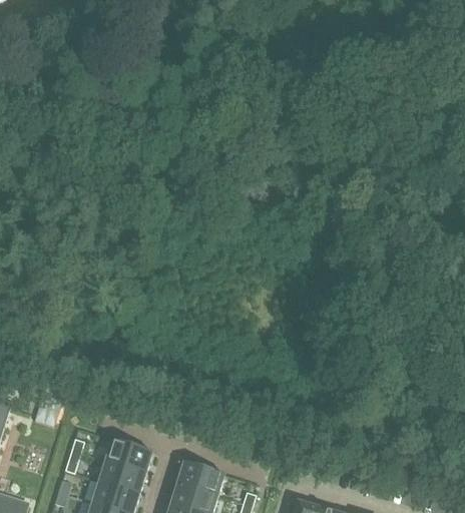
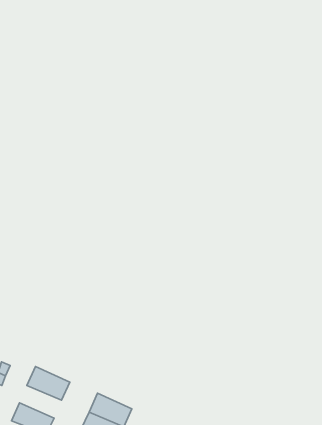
building: [97,464,143,497] -> none

